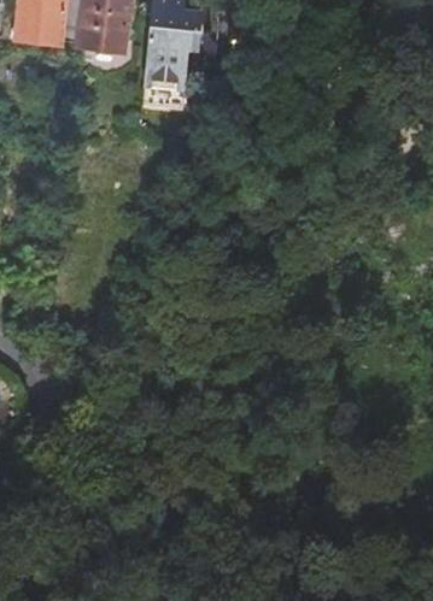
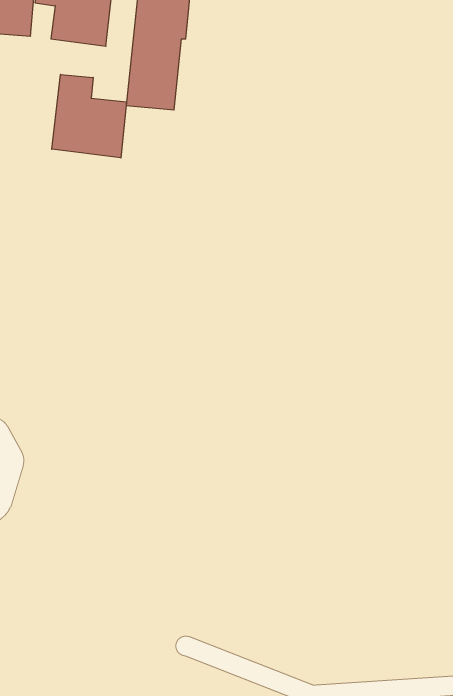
building: none -> [52,74,127,158]

